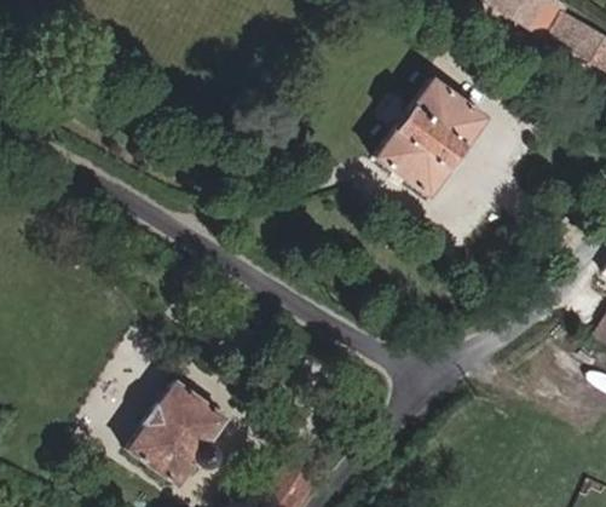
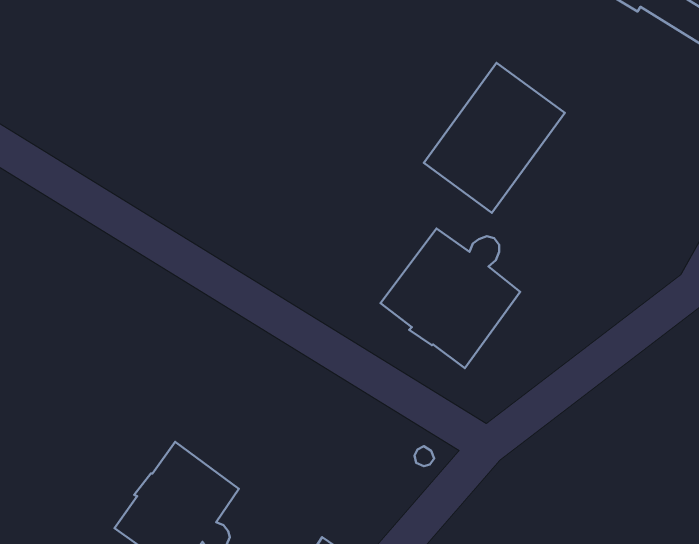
building: none -> [380,229,520,368]

